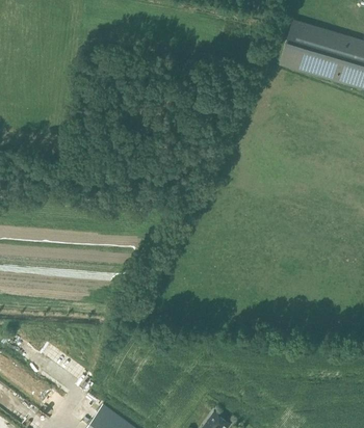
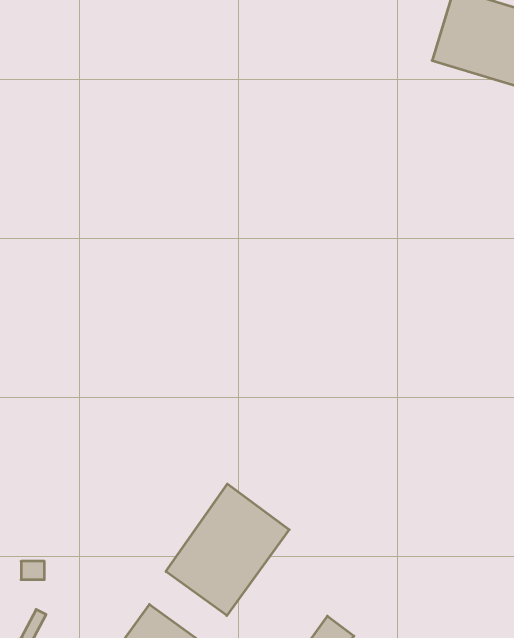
building: none -> [166,484,289,616]

